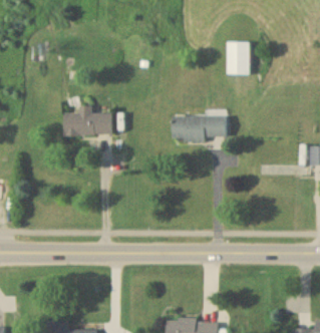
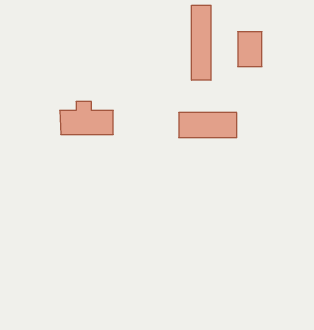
building: none -> [192,5,211,80]

